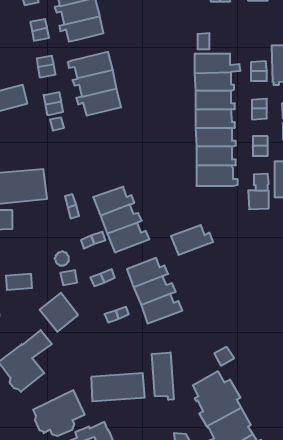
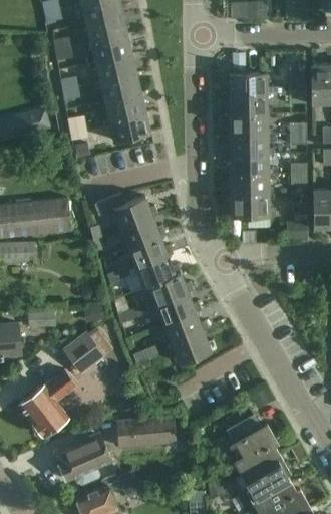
building: none -> [88,53,136,82]
building: none -> [95,195,157,229]
building: [171,225,213,255] -> [148,274,194,306]
building: [152,352,174,400] -> none

